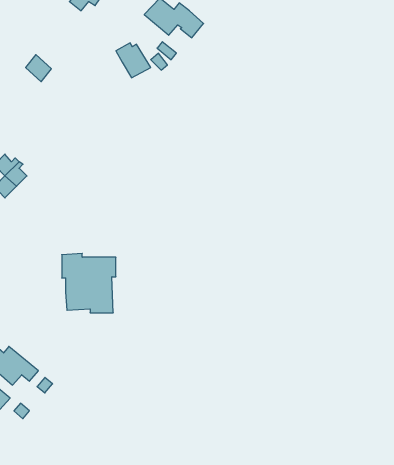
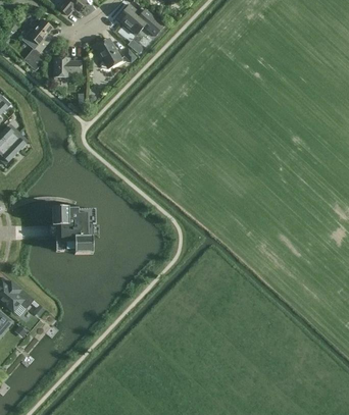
building: none -> [28,19,51,52]
building: none -> [52,57,80,75]

